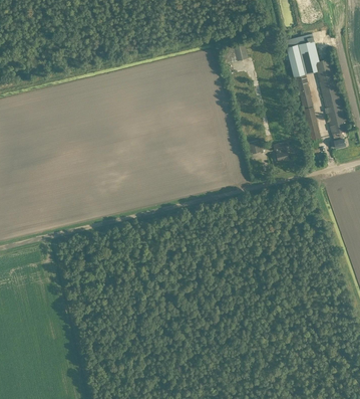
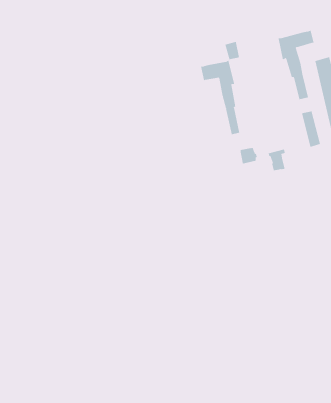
building: none -> [200,60,240,135]

